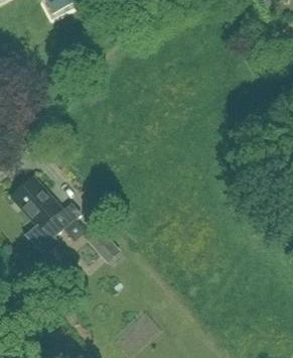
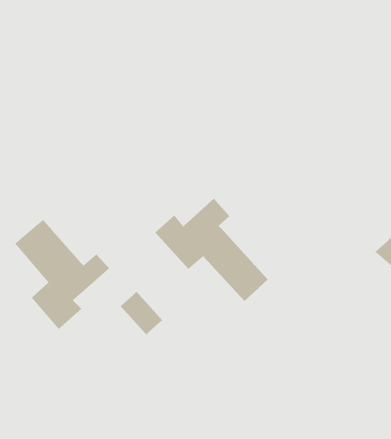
building: none -> [155,198,268,302]

